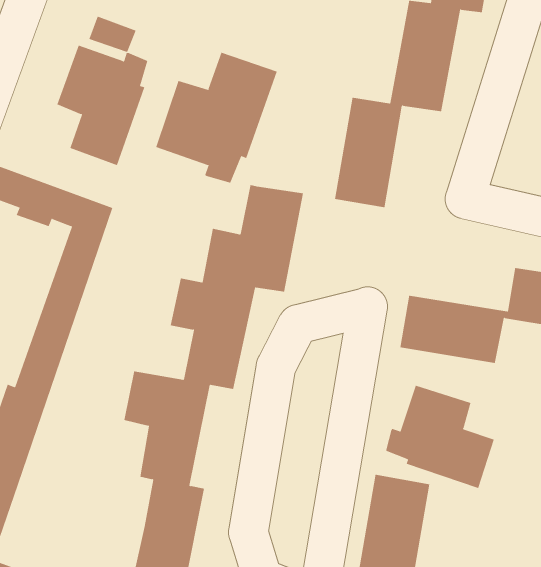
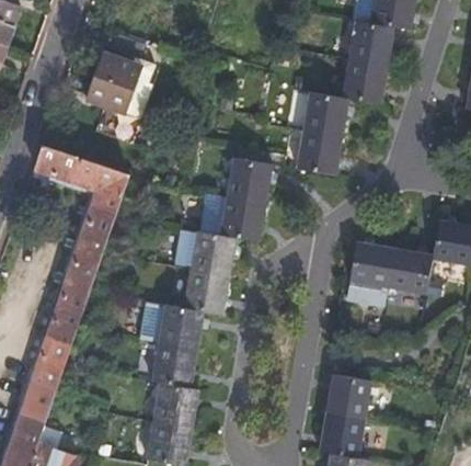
building: [155,52,277,183] -> none
building: [385,385,495,489] -> none

